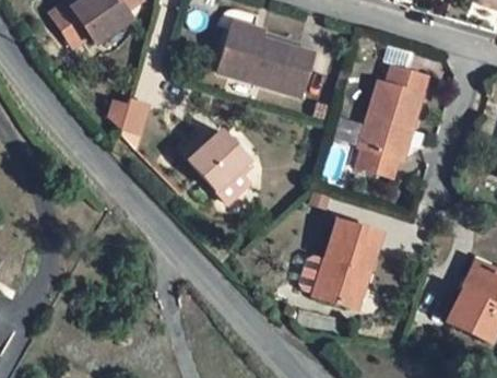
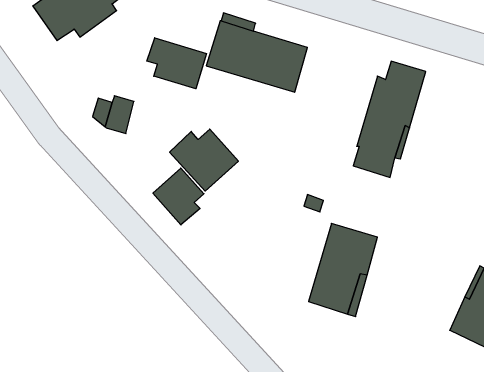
building: none -> [147,38,206,89]
building: none -> [153,168,204,225]

